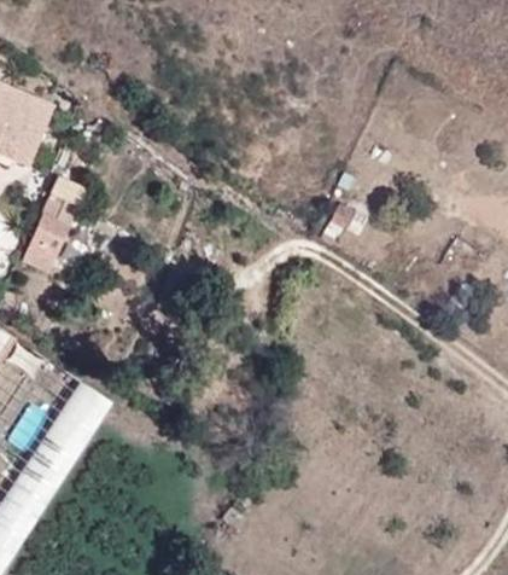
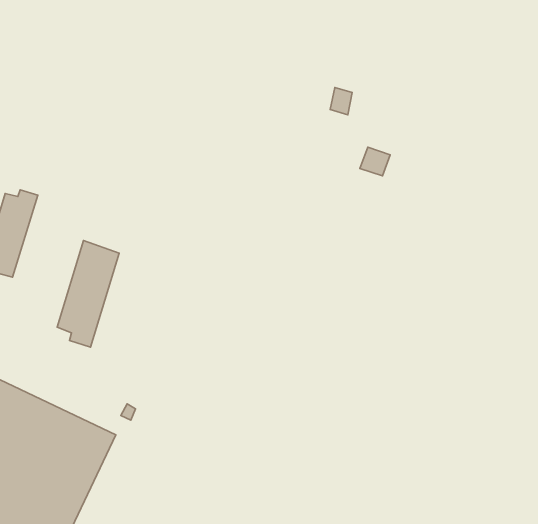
building: none -> [57,241,119,347]

